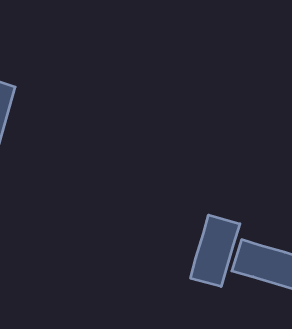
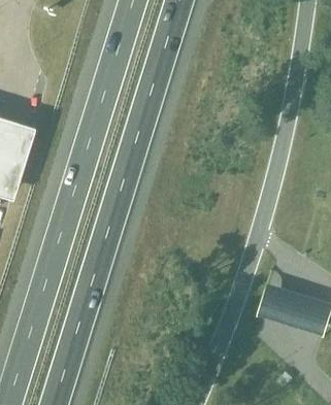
building: [191,215,240,287] -> none

